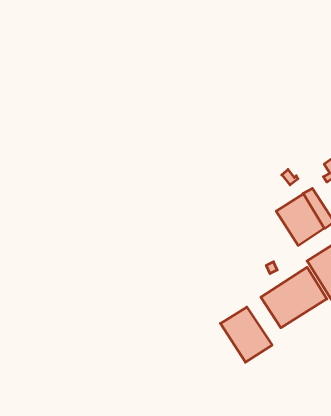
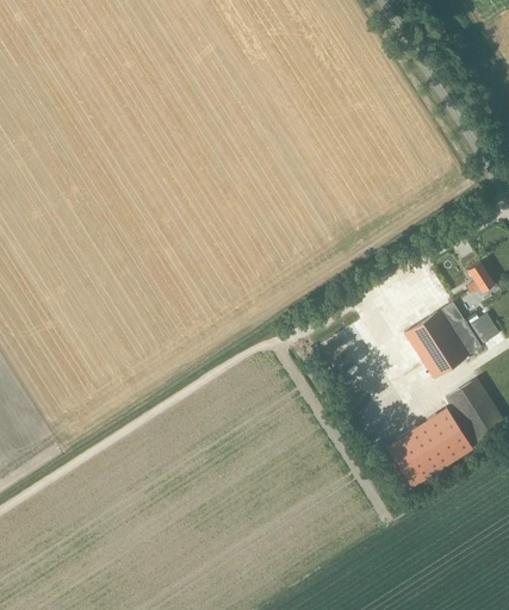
building: [220,307,272,362] -> none

